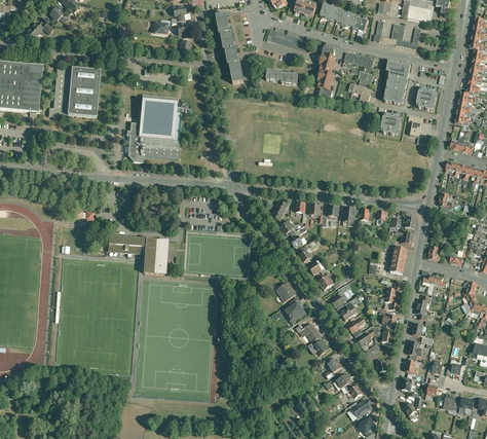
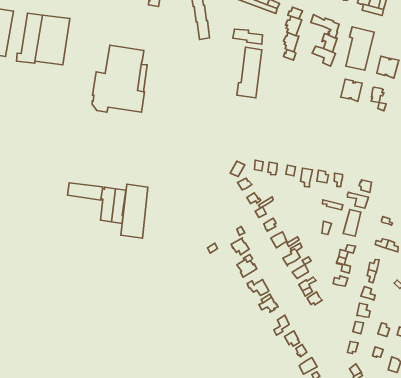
building: none -> [237,47,262,98]
building: none -> [121,184,148,238]

